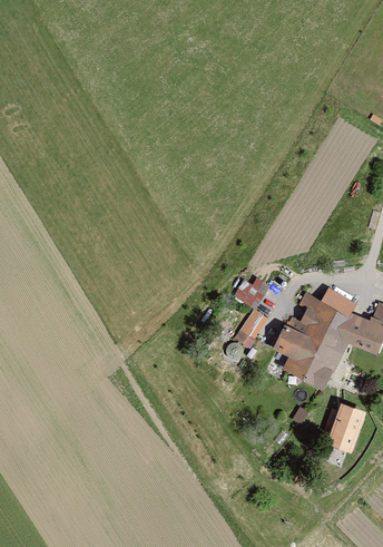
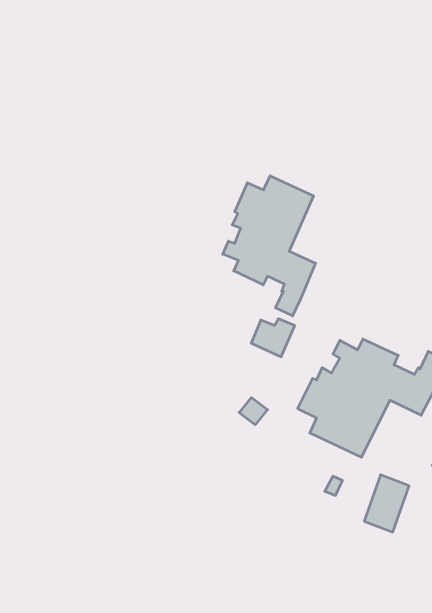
building: none -> [223,176,316,316]
building: [236,305,268,345] -> none

